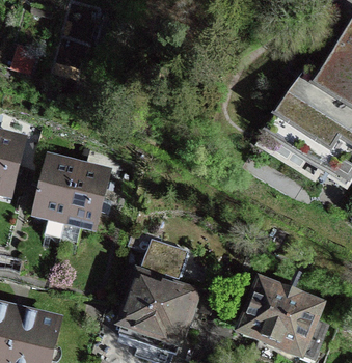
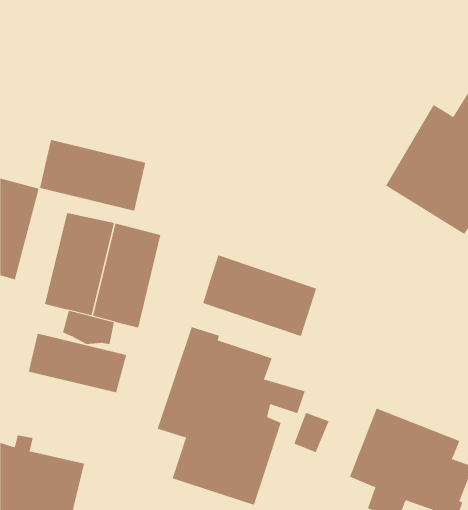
building: none -> [40,139,146,211]
building: none -> [202,255,317,337]
building: none -> [28,333,127,393]

